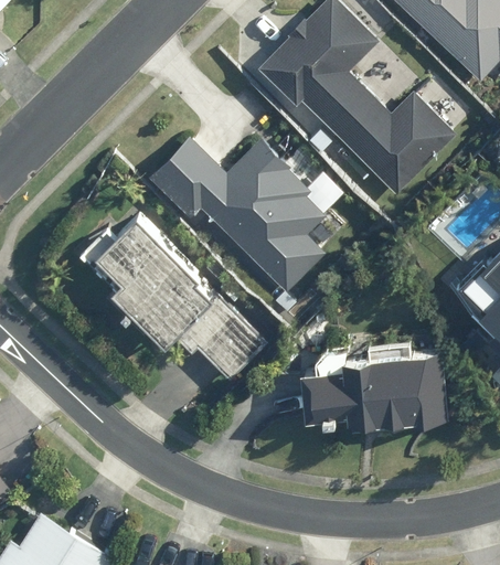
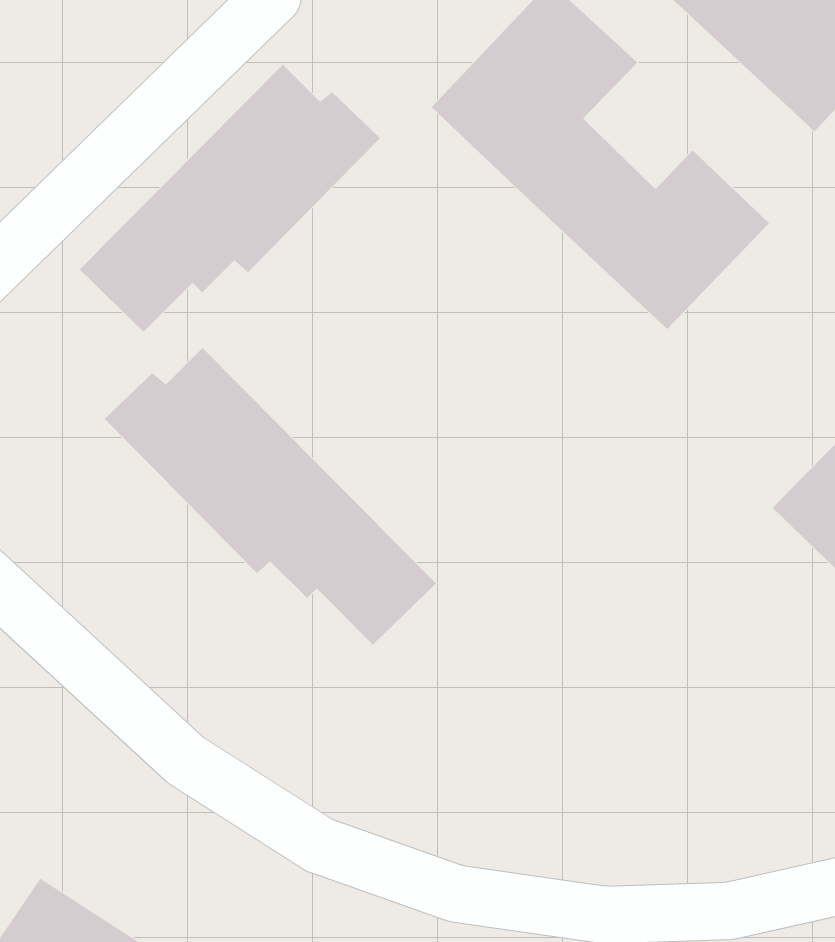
building: none -> [79,64,381,332]
building: [159,139,323,294] -> none
building: [301,345,443,426] -> none

